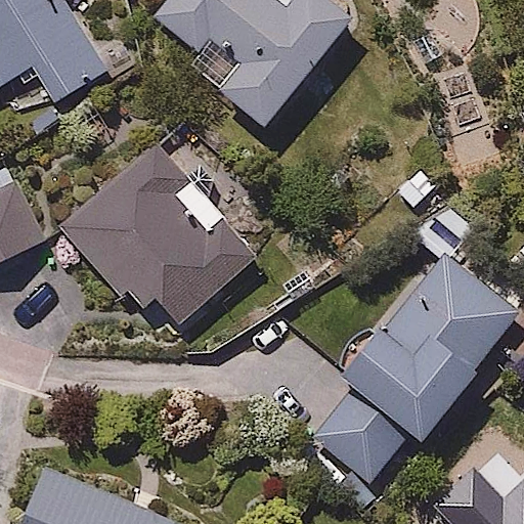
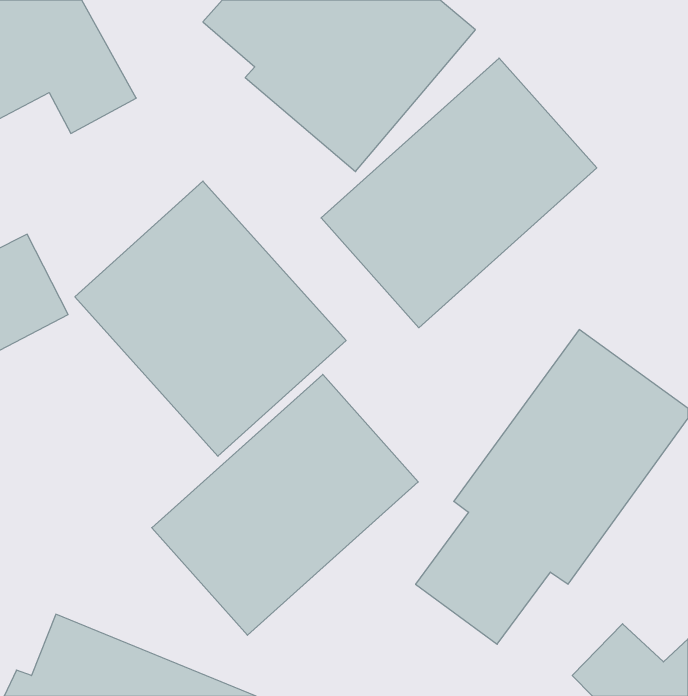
building: none -> [321,58,597,328]
building: none -> [152,374,418,635]

